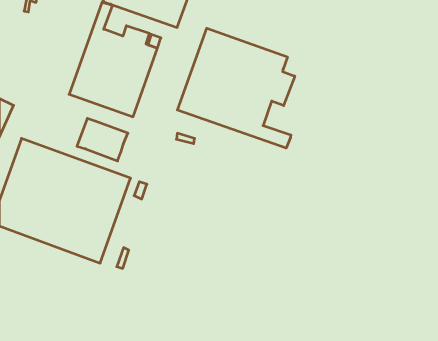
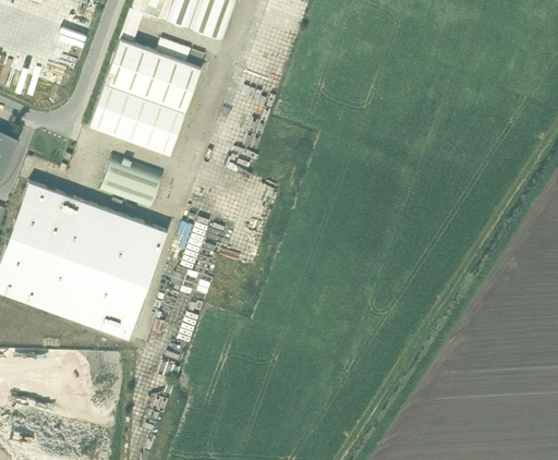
building: [177,28,295,148] -> none

